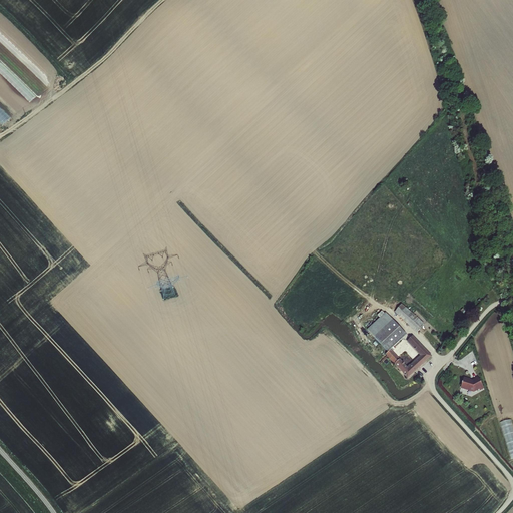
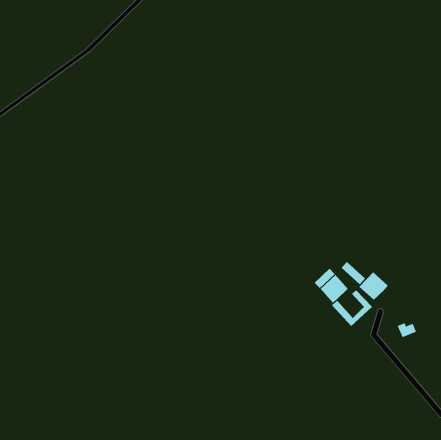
building: none -> [358,272,388,301]

